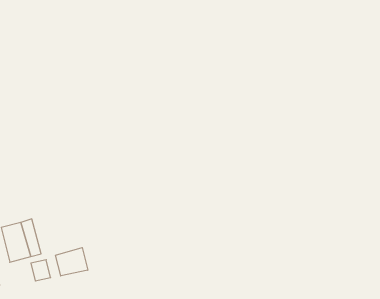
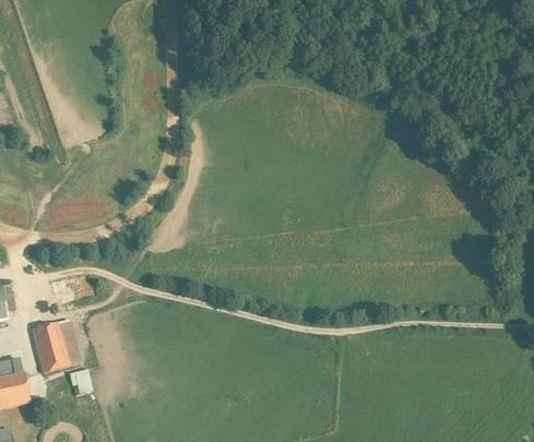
building: [56,248,88,276] -> none

